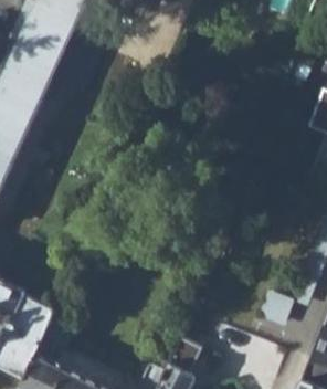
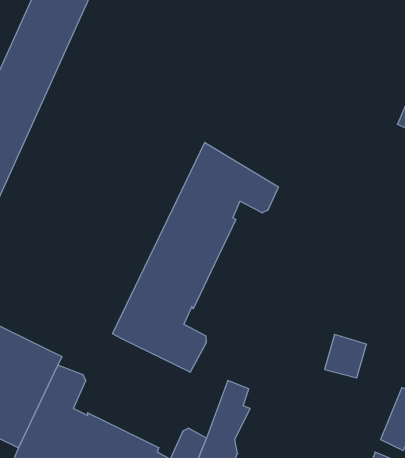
building: none -> [113,142,278,372]

